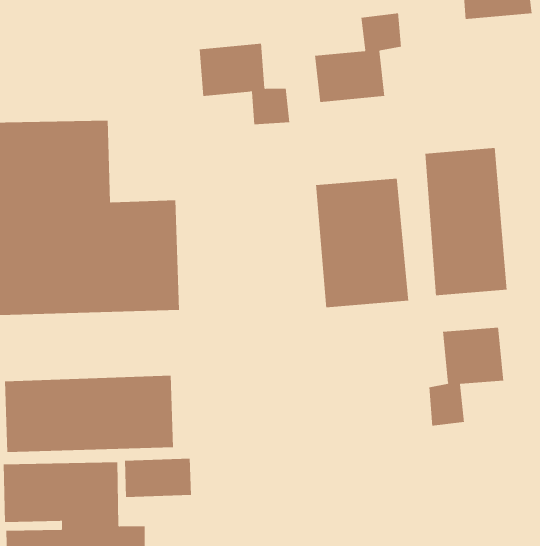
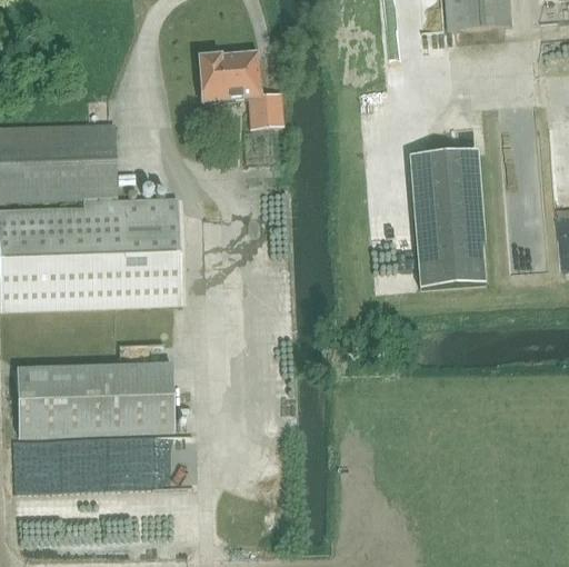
building: [314,12,402,103] -> none
building: [315,178,409,308] -> none
building: [429,327,504,426] -> none

